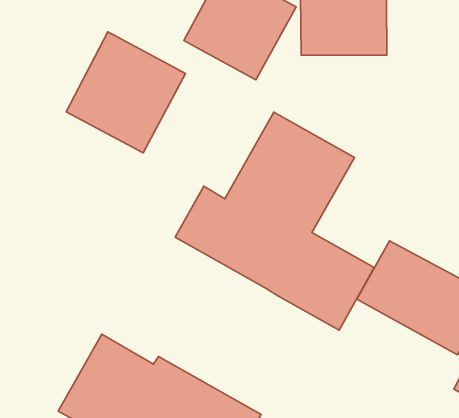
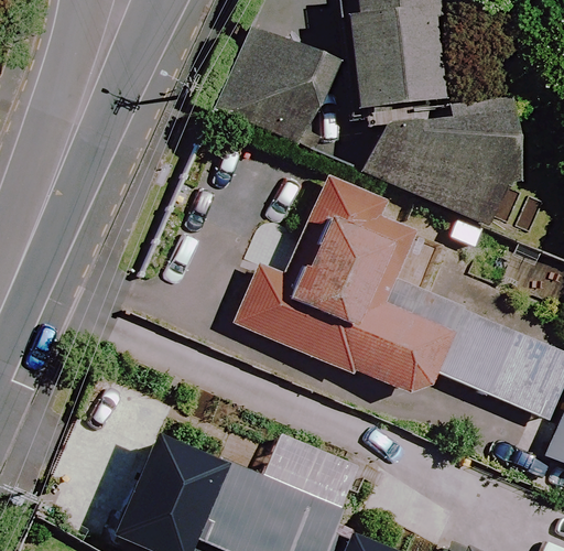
building: [66,32,186,153] -> none
building: none -> [369,99,520,226]

